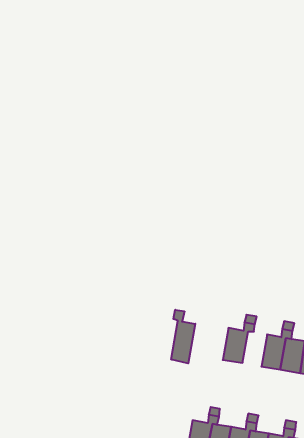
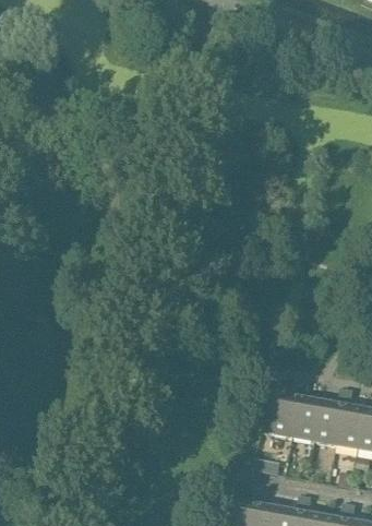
building: [171,310,195,363] -> none
building: none -> [291,402,320,442]

